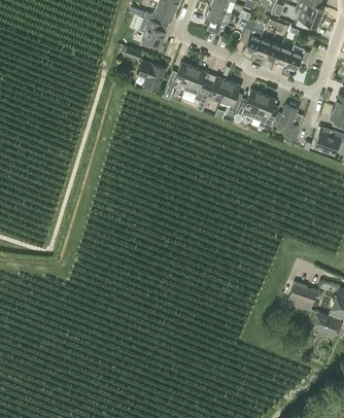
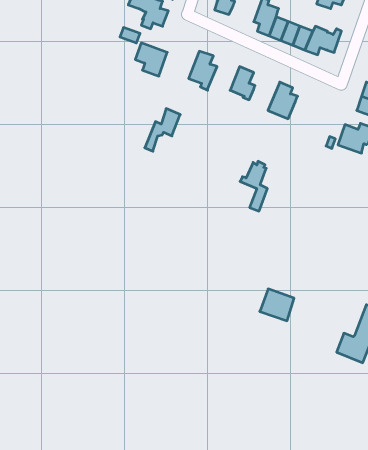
building: [163,63,194,100] -> [145,109,180,151]
building: [201,76,229,103] -> none
building: [236,91,264,119] -> none
building: [275,103,299,146] -> [240,161,267,211]
building: [287,284,317,312] -> [260,289,294,321]

